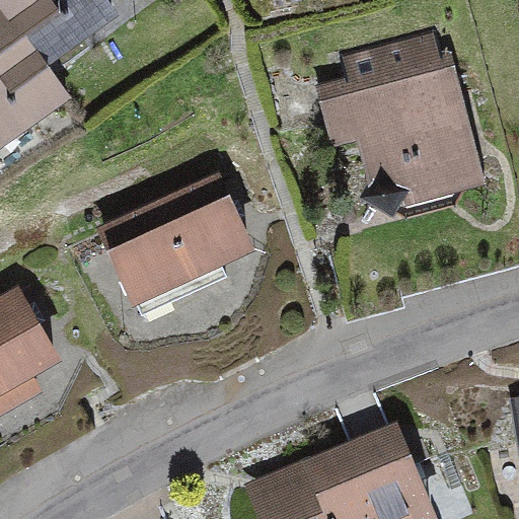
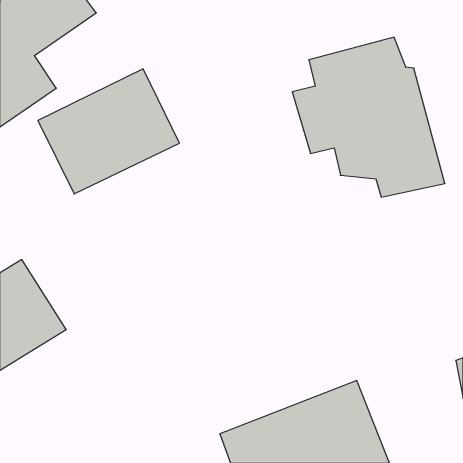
building: [89,175,247,315] -> [38,69,179,194]

